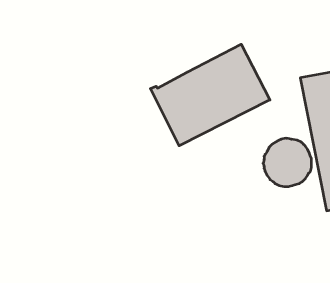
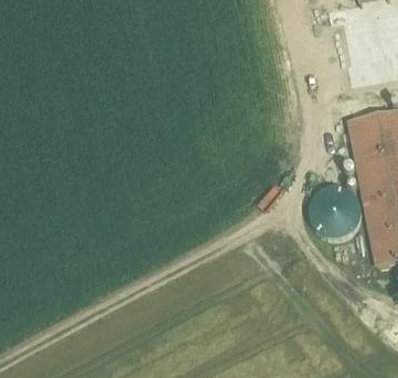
building: [150,44,270,146] -> none

